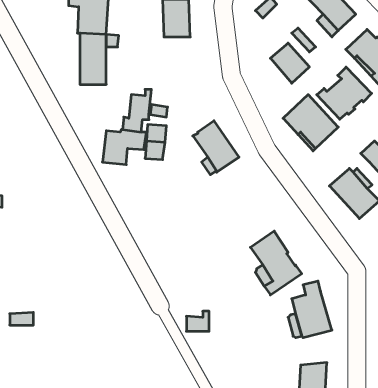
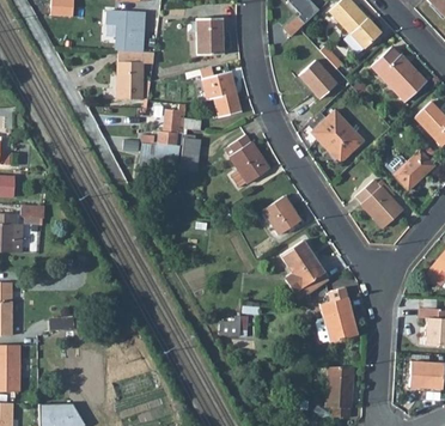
building: none -> [200,66,240,117]
building: [317,67,372,119] -> none
building: none -> [262,195,300,235]

